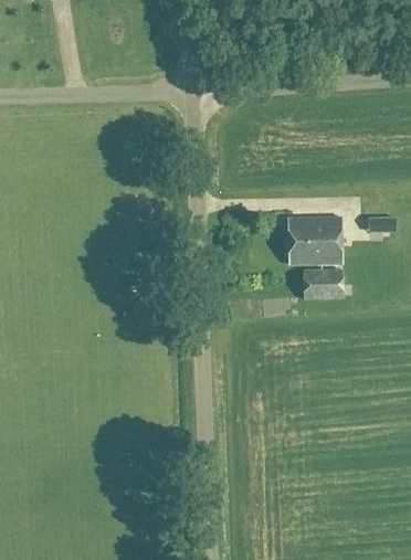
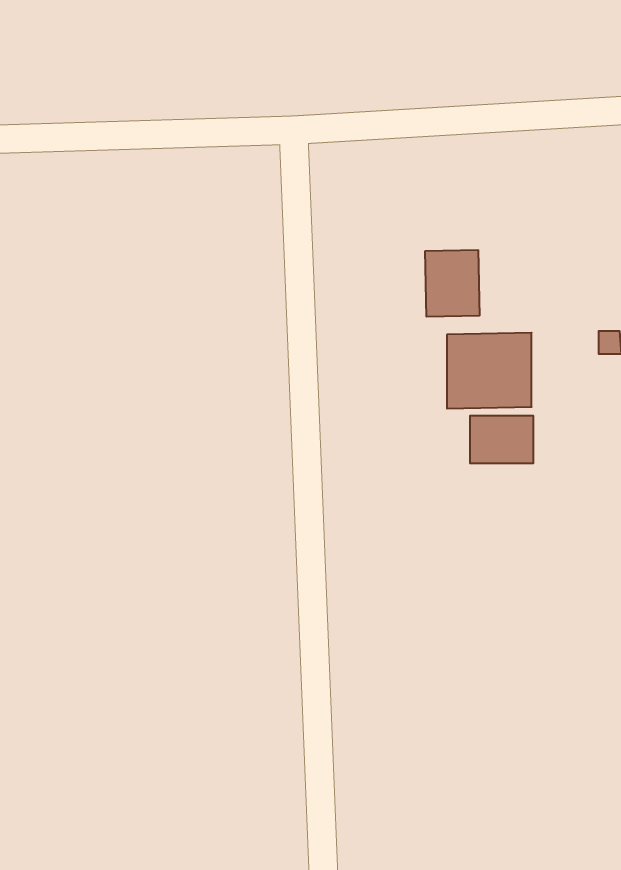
building: none -> [425,250,479,317]

